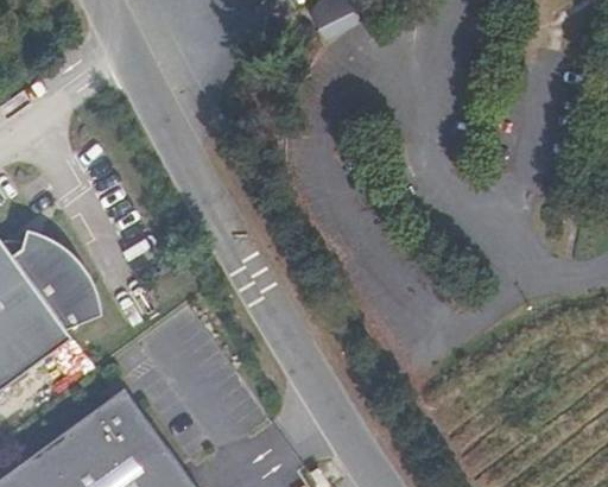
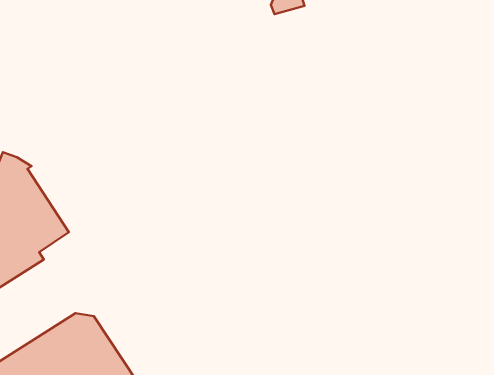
building: [43,230,101,330] -> none

